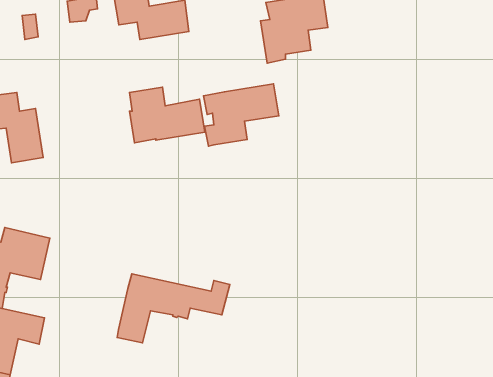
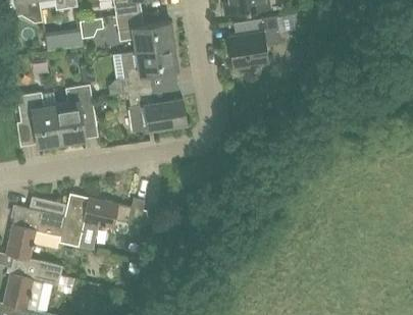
building: none -> [56,85,94,143]
building: [203,84,279,146] -> [120,46,178,94]
building: [117,274,230,343] -> [59,194,146,247]

